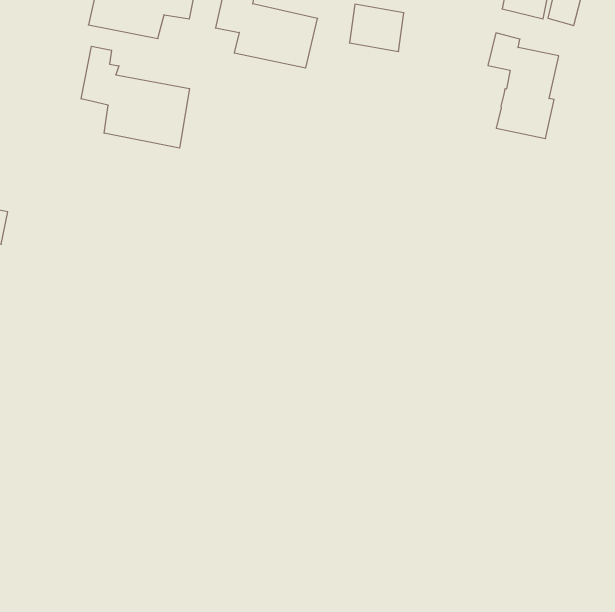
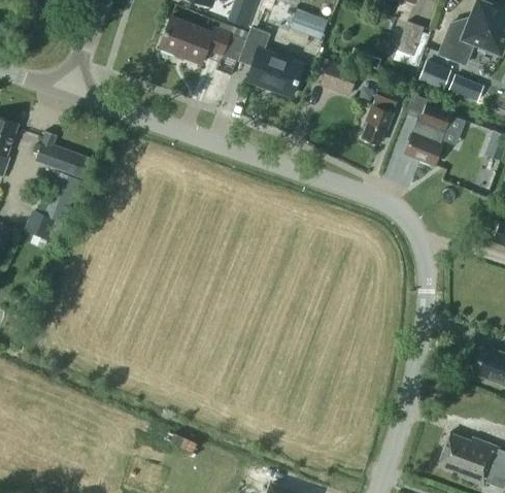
building: none -> [362,89,400,144]
building: [81,46,190,148] -> none

